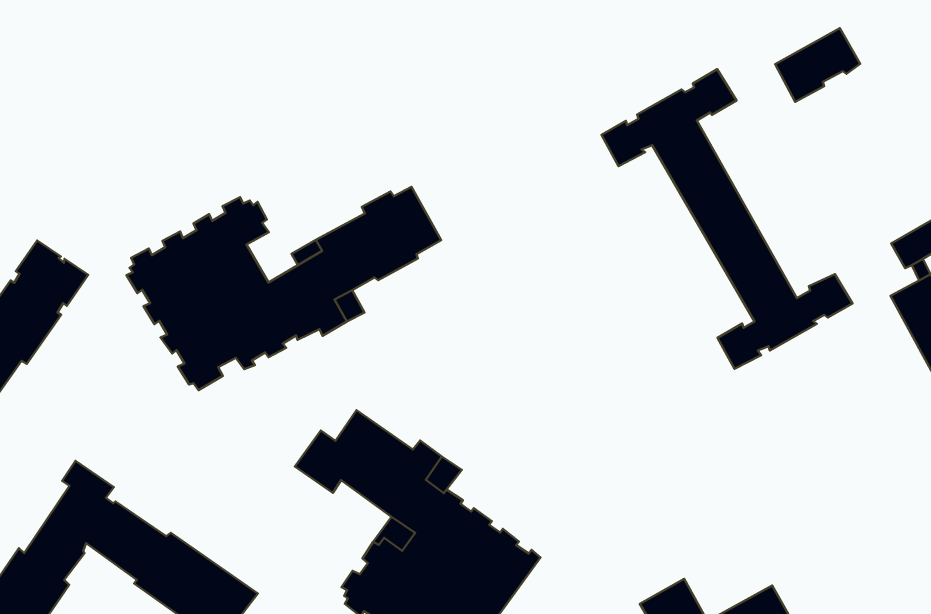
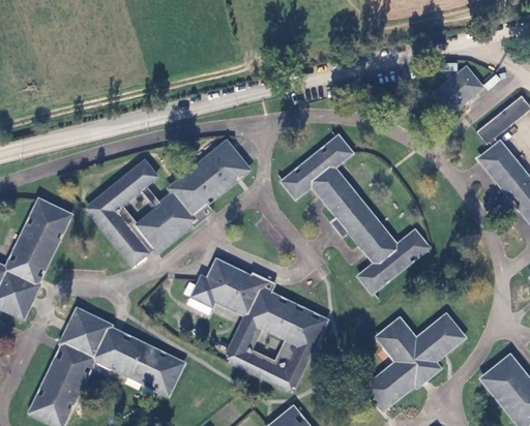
building: [775,28,860,102] -> [436,68,479,110]
building: [601,69,852,369] -> [284,136,426,288]

